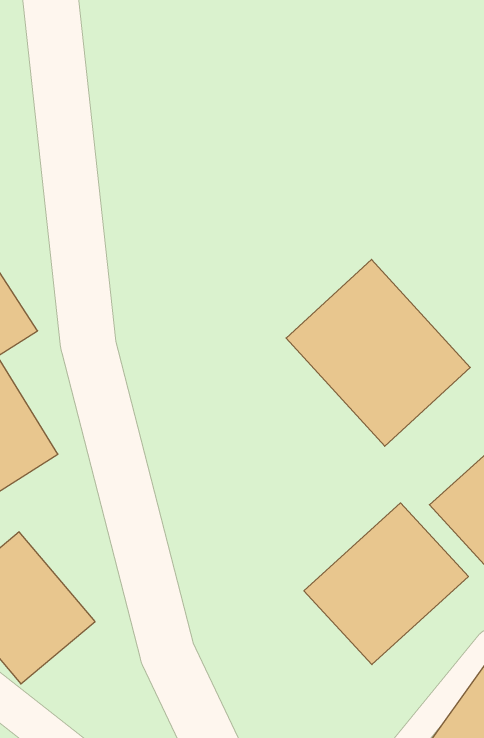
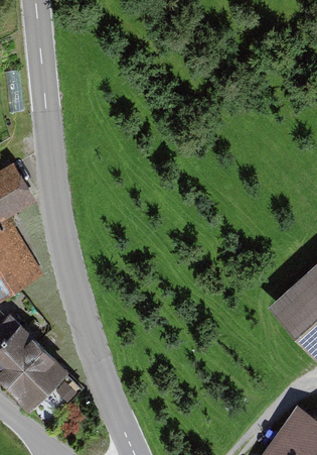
building: [286,259,470,446] -> none
building: [304,503,468,665] -> none

